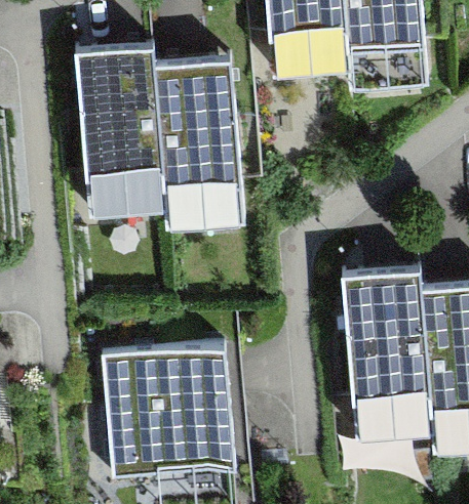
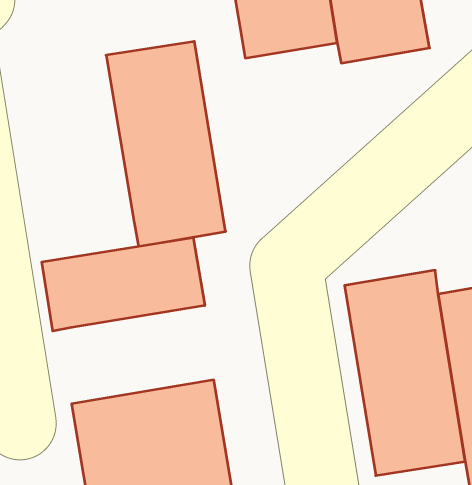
building: [75,44,167,216] -> none
building: none -> [42,238,205,331]

